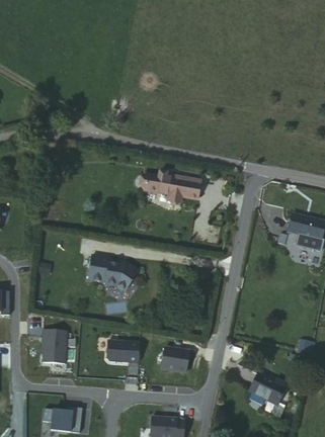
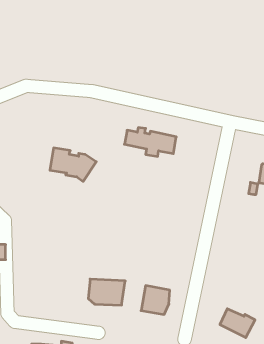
building: [88,256,139,292] -> [50,148,96,181]
building: [38,329,69,366] -> none

